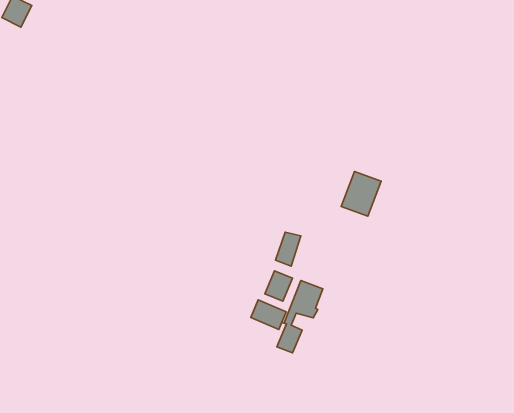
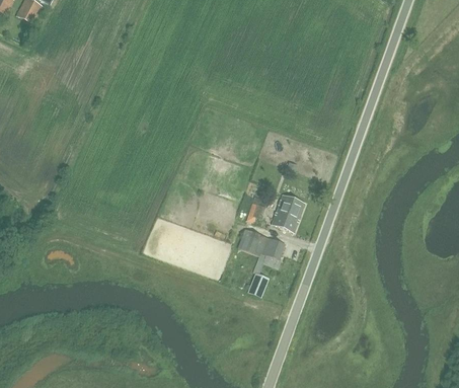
building: [341,171,381,216] -> [272,195,305,232]
building: [251,300,286,329] -> none

